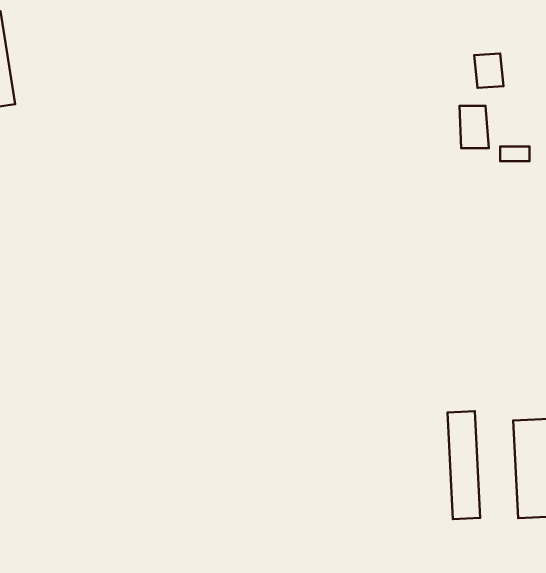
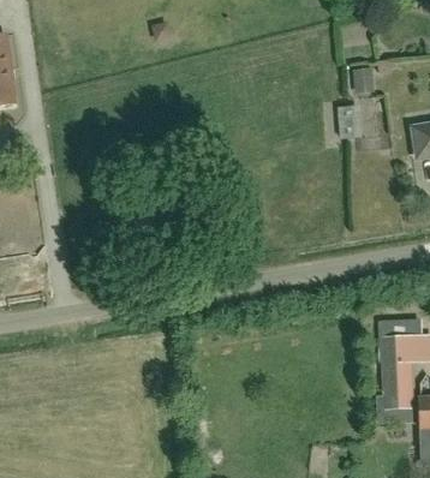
building: [447,411,480,519] -> none

